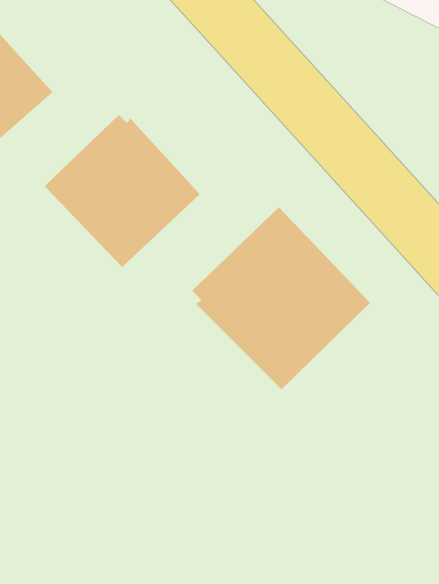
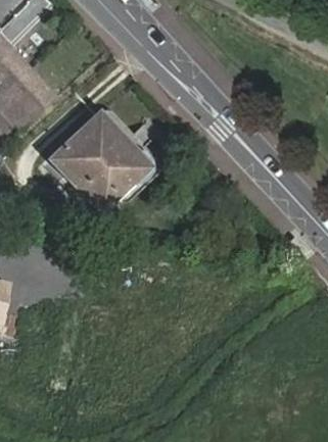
building: [192,207,371,390] -> none

